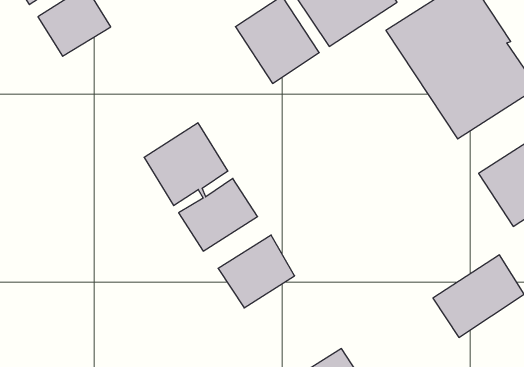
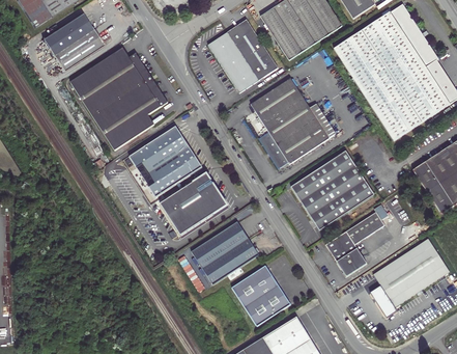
building: none -> [69,47,168,149]
building: none -> [247,81,334,167]
building: none -> [294,148,376,227]
building: none -> [327,210,387,274]
building: none -> [231,265,290,325]

